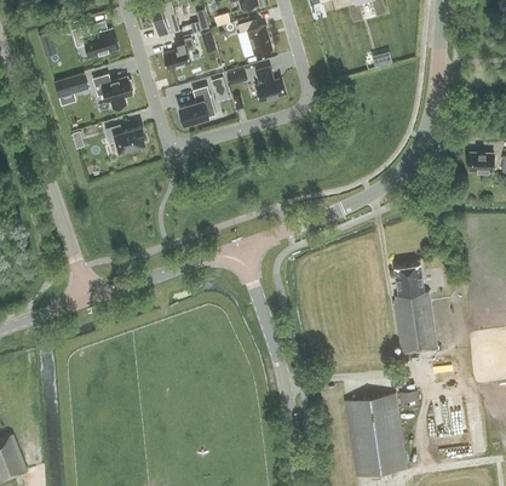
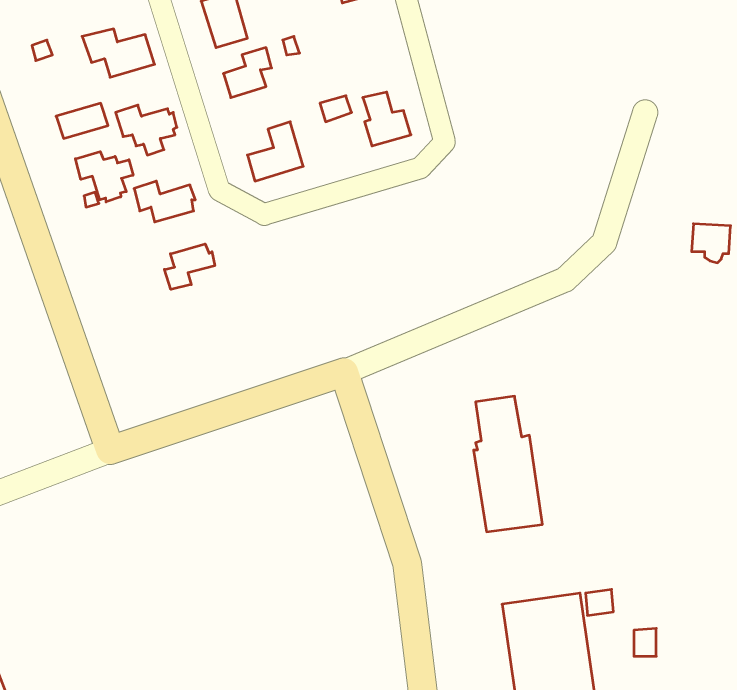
building: [237,19,272,56] -> none
building: none -> [75,152,133,202]
building: none -> [164,244,215,289]
building: [393,265,438,354] -> [474,396,542,532]

